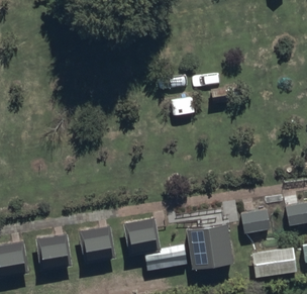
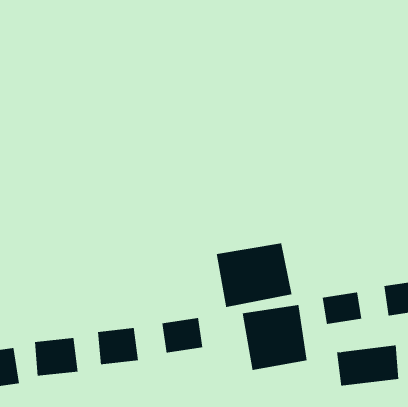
building: none -> [216,242,292,308]

